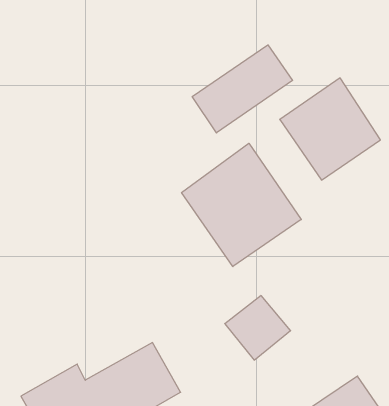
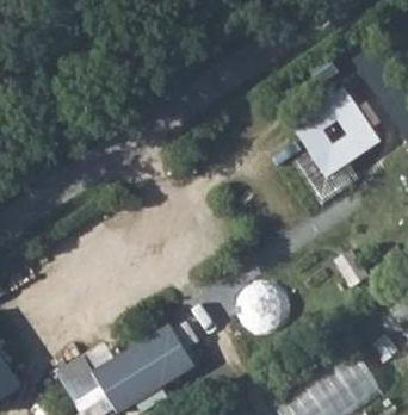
building: [192,45,293,133] -> none
building: [182,143,301,267] -> none

